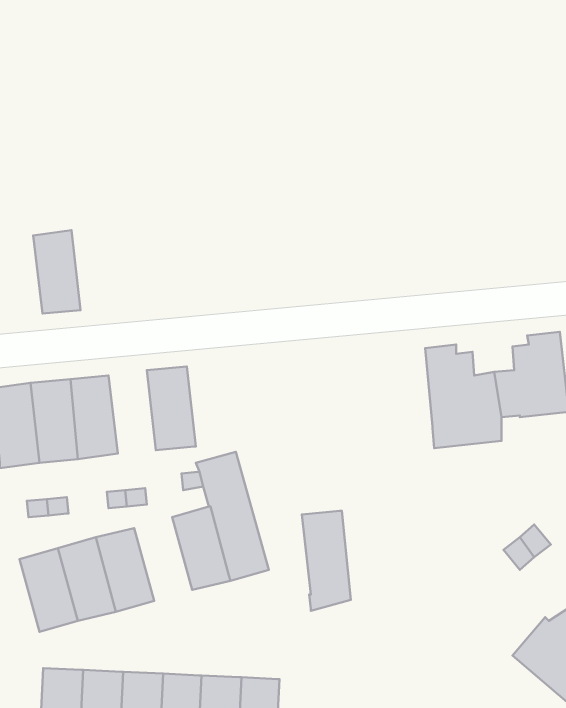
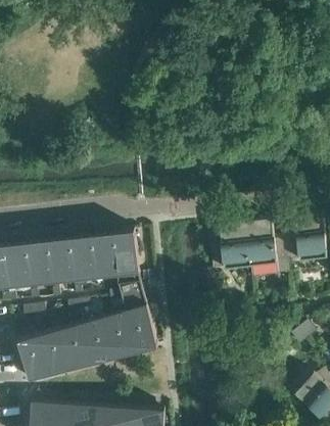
building: [33,230,81,314] -> [67,234,94,281]
building: none -> [208,222,249,270]
building: [302,511,351,611] -> [111,230,139,286]
building: none -> [82,317,114,364]

